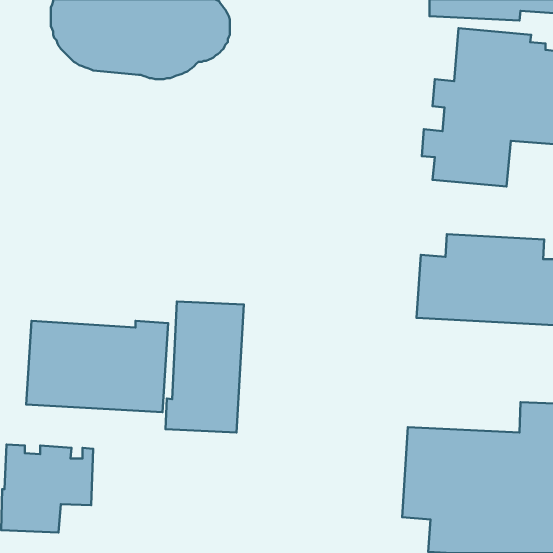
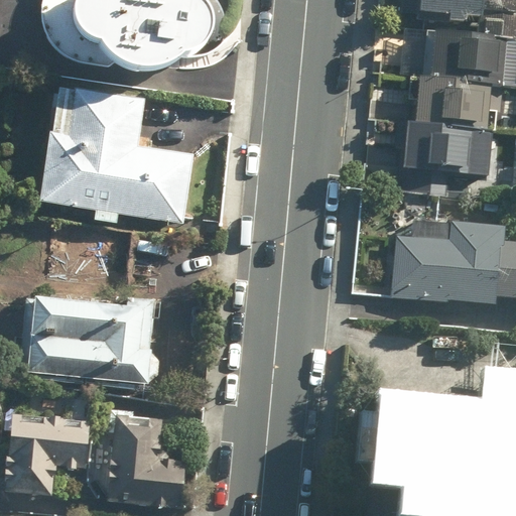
building: none -> [38,86,195,223]
building: [165,301,244,433] -> none
building: none -> [108,409,187,510]

